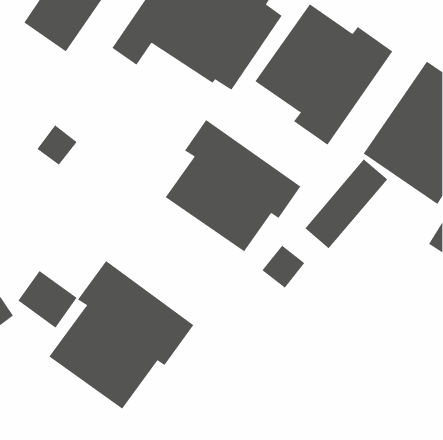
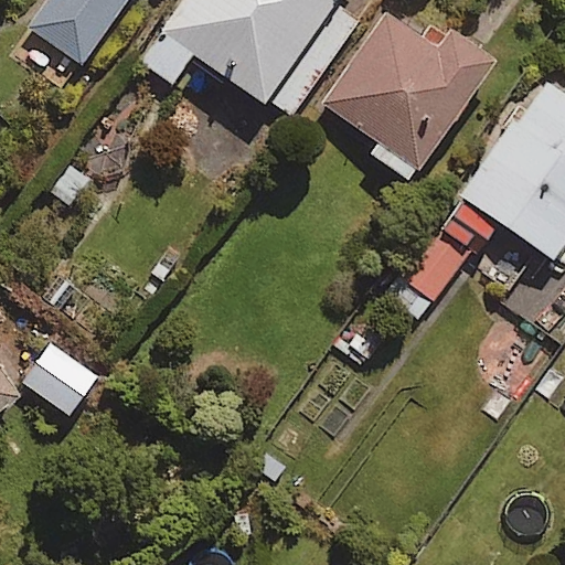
building: [165,119,301,252] -> none
building: [49,260,194,410] -> none

